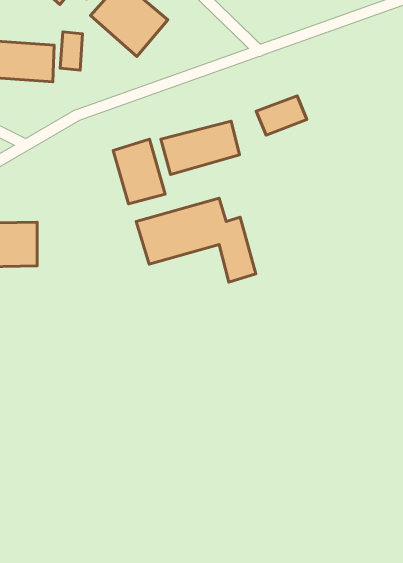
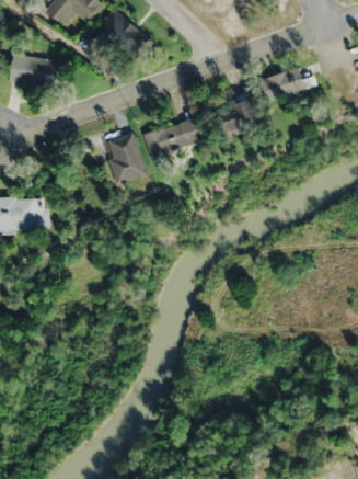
building: [60,32,83,70] -> none
building: none -> [259,67,304,102]
building: [136,198,256,282] -> none

